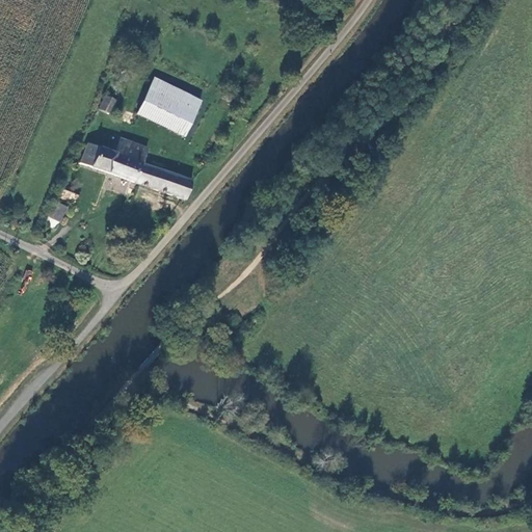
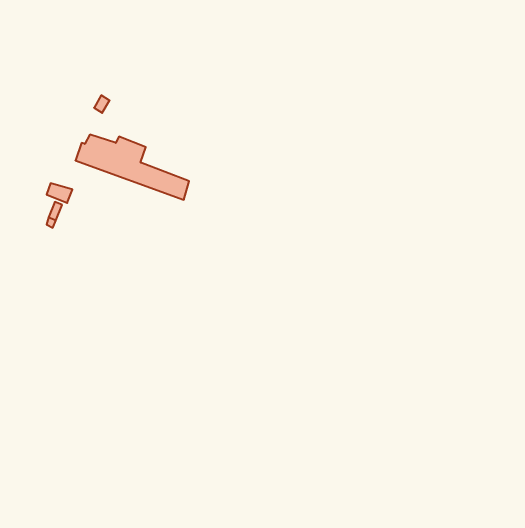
building: [138,78,202,135] -> none

